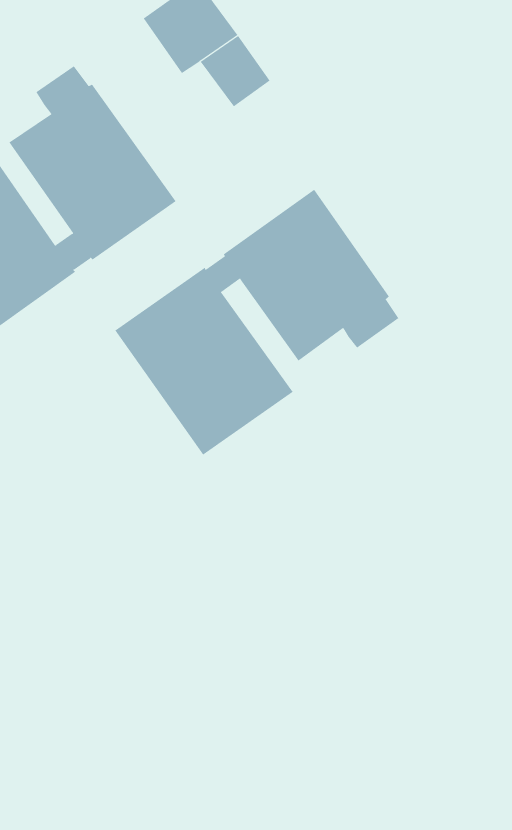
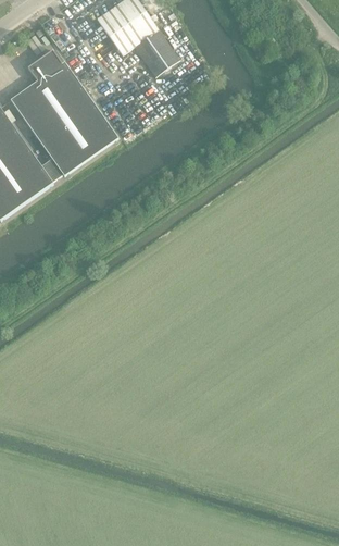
building: [115,189,399,456] -> none

